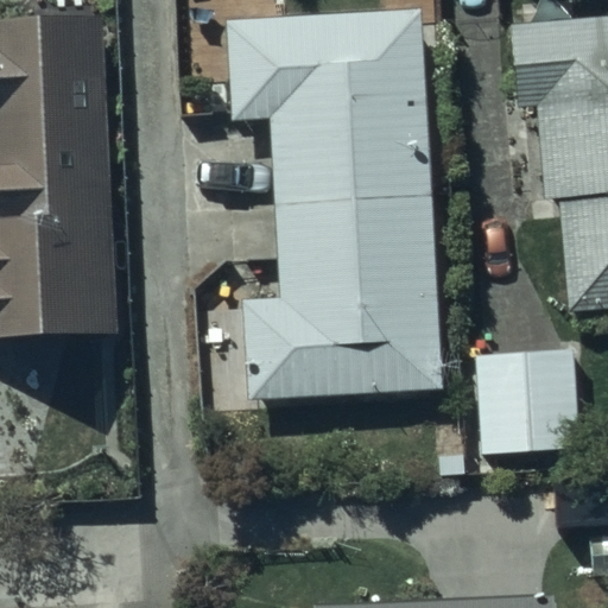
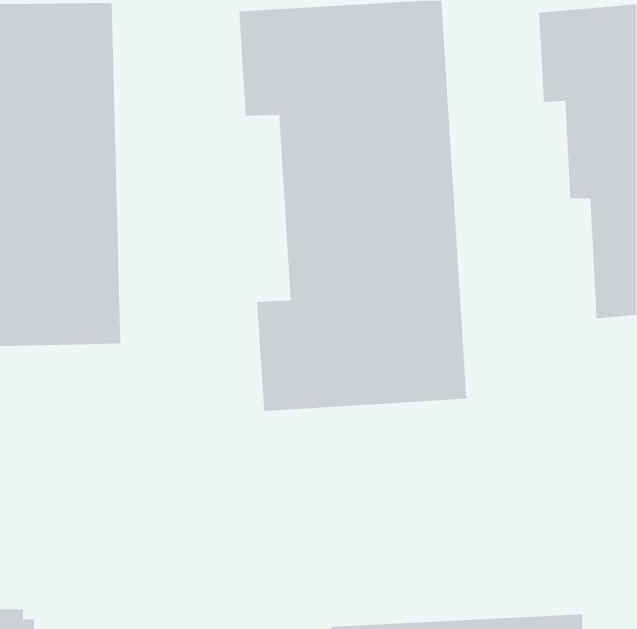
building: [474,348,580,456] -> none

